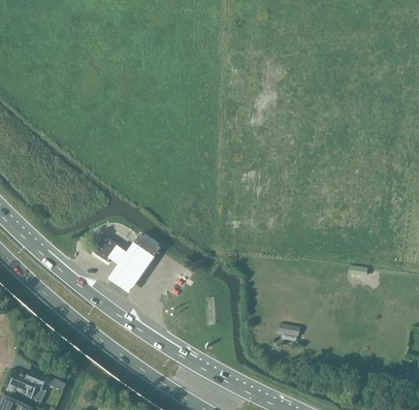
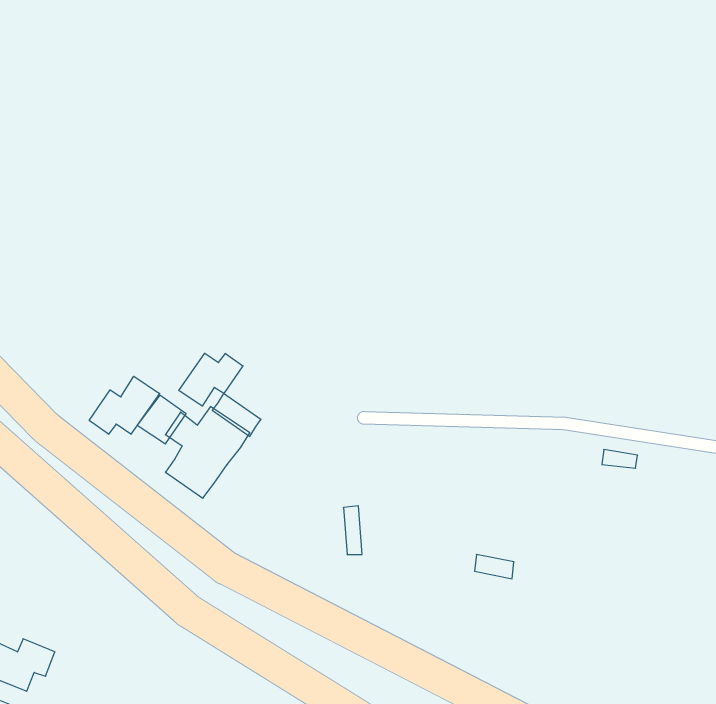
building: none -> [179,353,243,406]
building: none -> [89,376,160,434]

